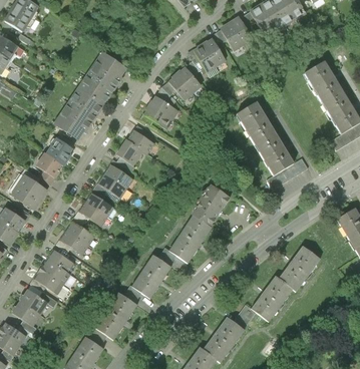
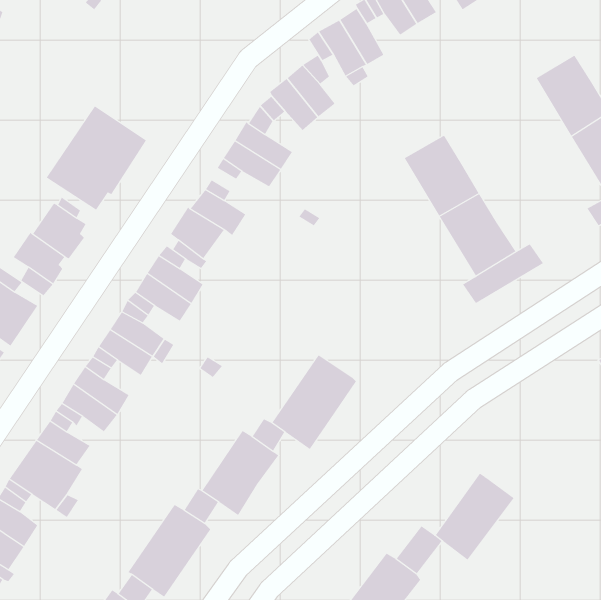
building: [77,50,127,104] -> none
building: [191,183,231,227] -> none
building: [279,245,322,292] -> none

